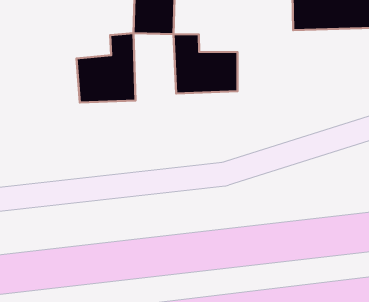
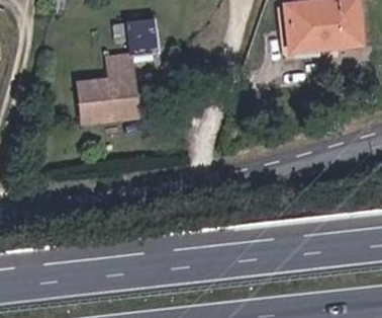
building: [173,34,238,94] -> none

